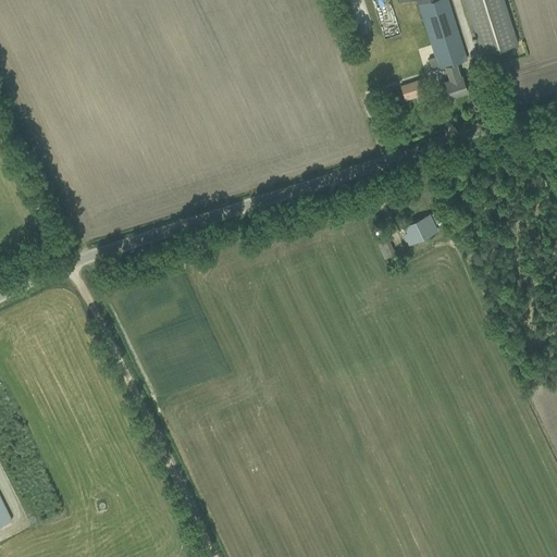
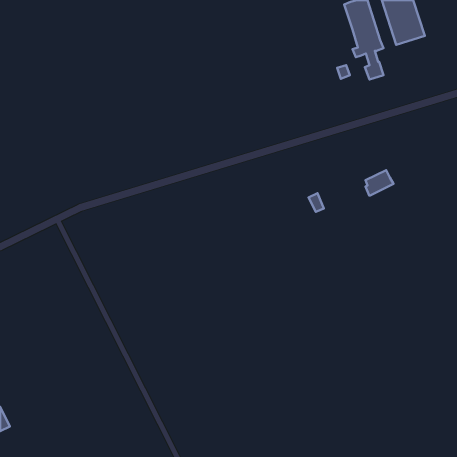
building: [404,214,437,245] -> [366,170,393,195]

